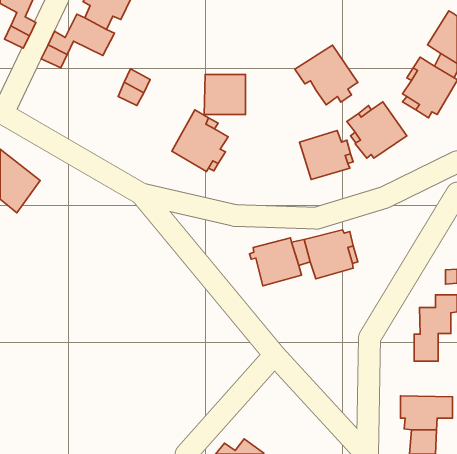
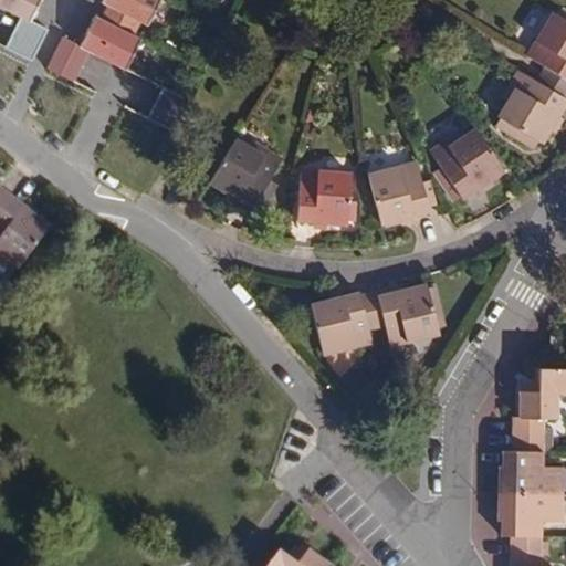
building: [295,45,358,105] -> none
building: [204,74,245,115] -> [301,175,352,224]
building: none -> [495,446,559,491]

